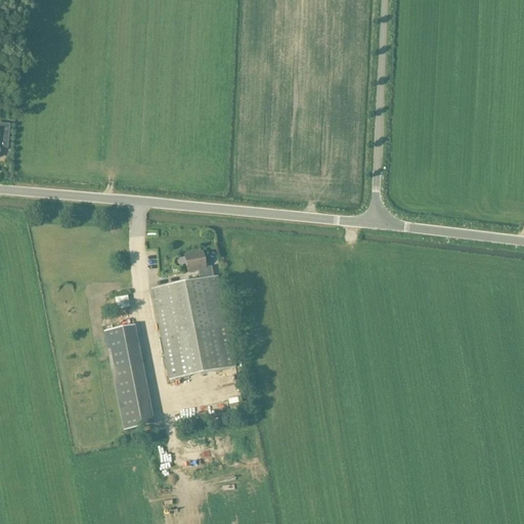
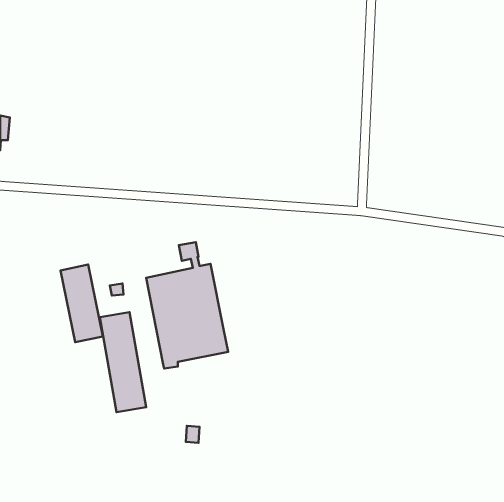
building: none -> [61,265,103,342]

